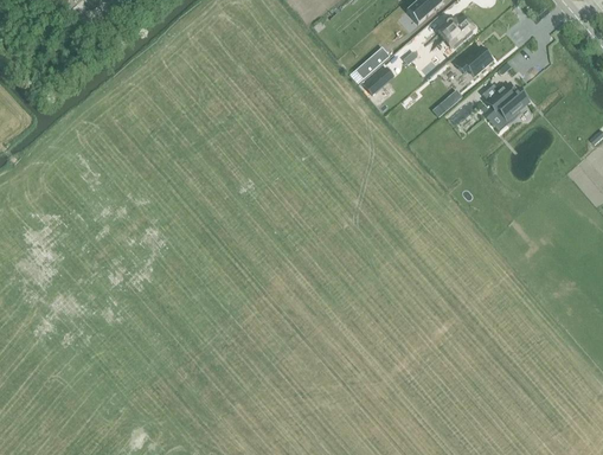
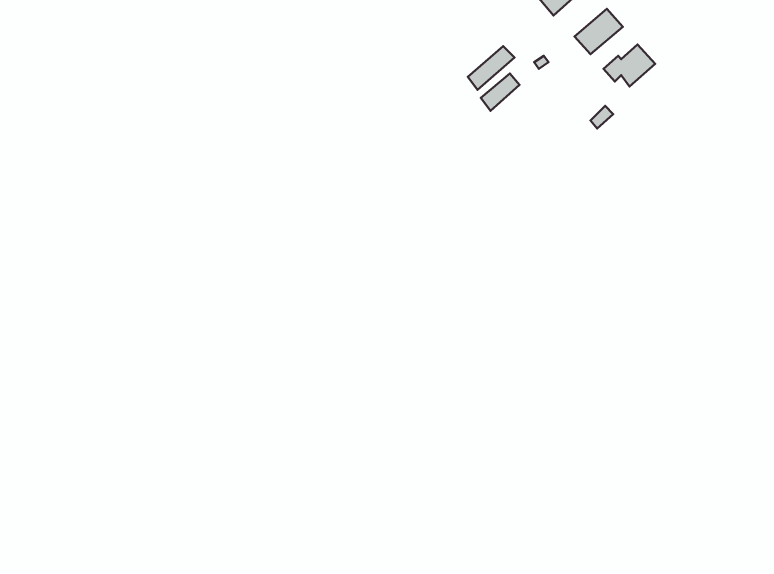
building: [482,83,527,123] -> none

